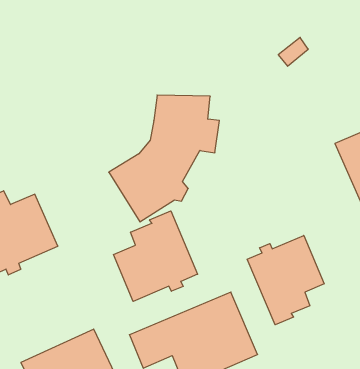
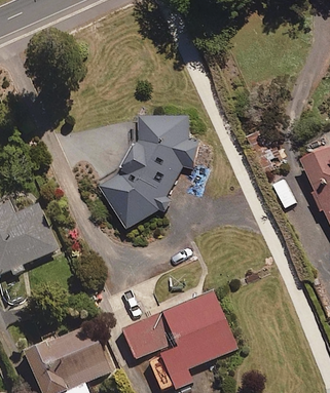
building: [113,211,198,301] -> none
building: [247,235,324,325] -> none

